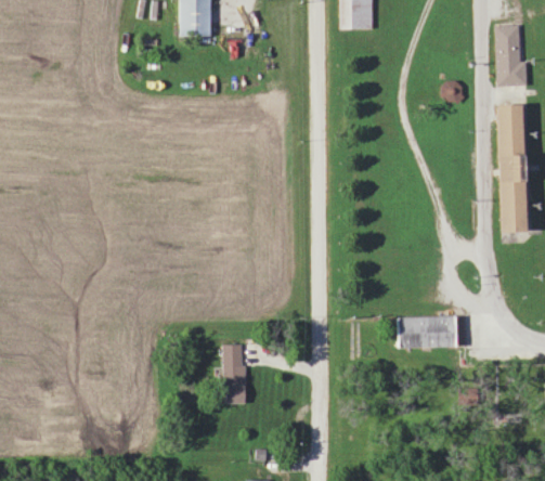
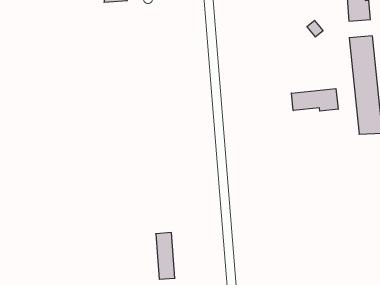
building: none -> [291,89,338,111]
building: [392,314,458,349] -> none

